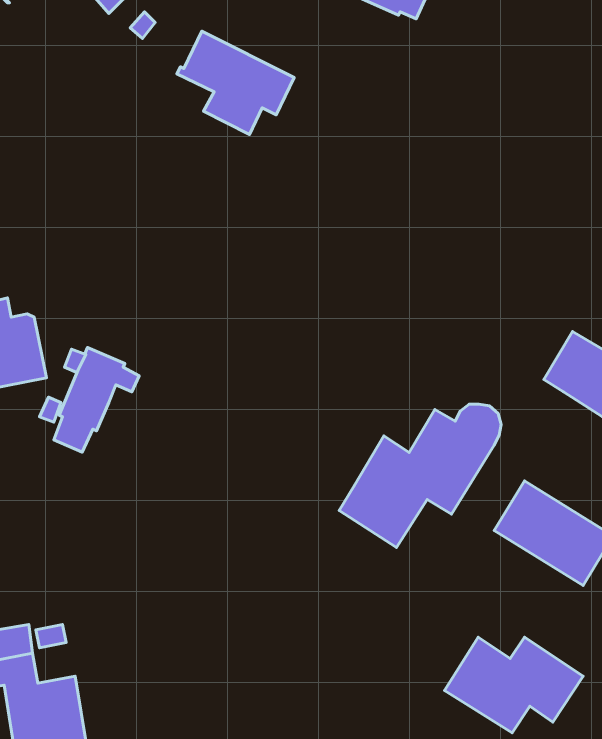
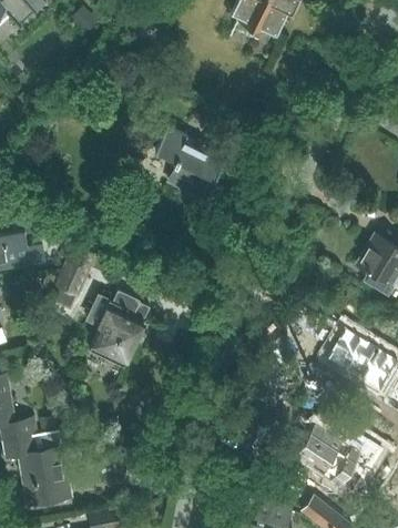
building: [177,31,294,134] -> [151,129,224,193]
building: [339,404,501,547] -> none
building: none -> [90,291,149,367]

